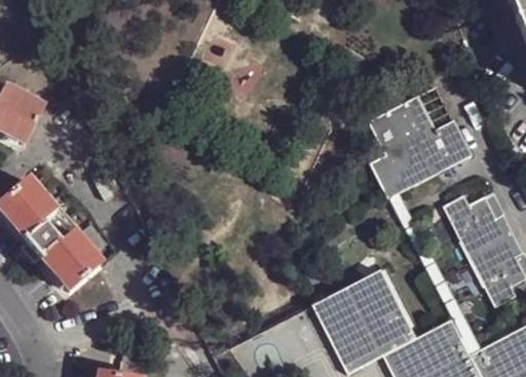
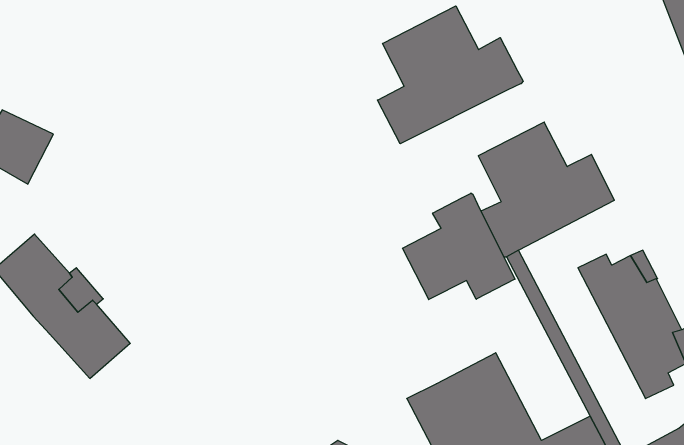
building: none -> [377,6,523,144]
building: none -> [403,193,515,300]

